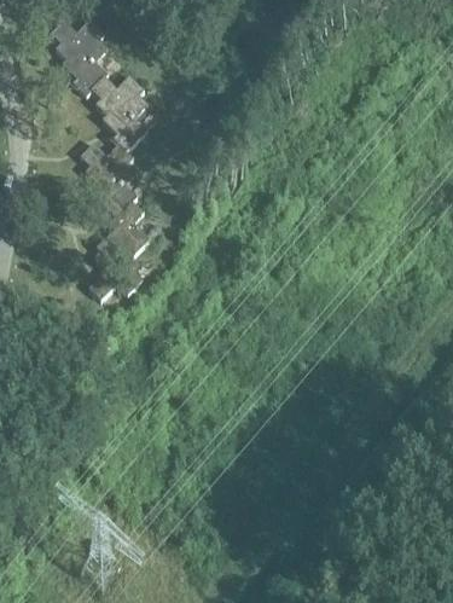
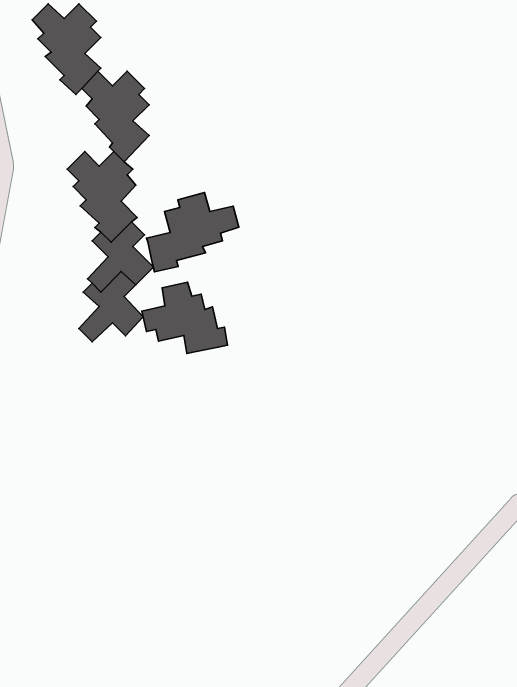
building: none -> [147,193,239,272]
building: none -> [142,282,227,353]

